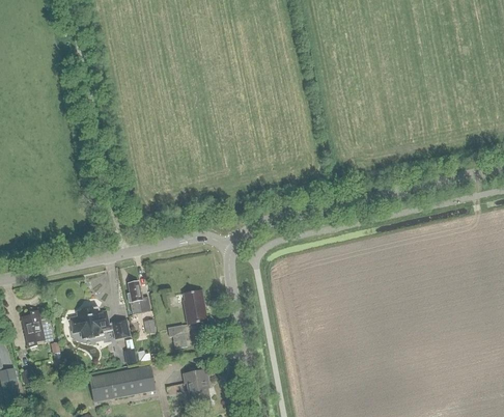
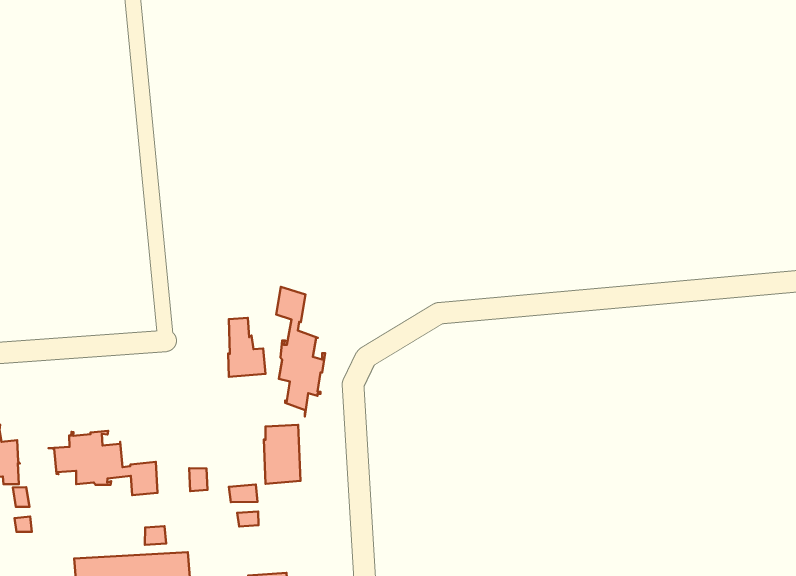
building: none -> [276,287,325,417]
building: [128,281,151,314] -> [228,318,266,377]

